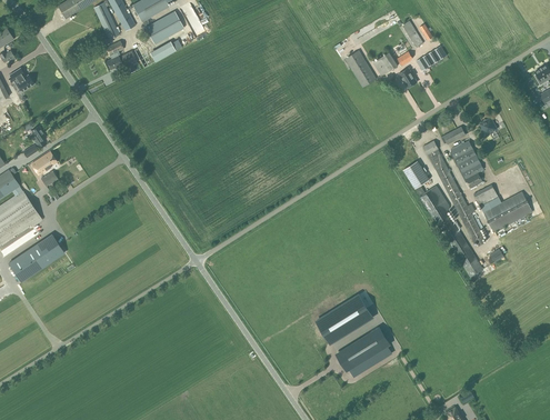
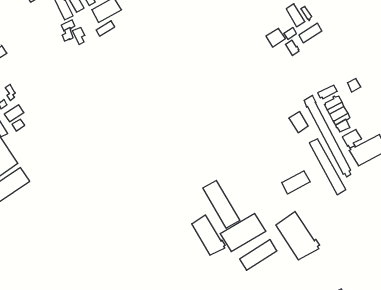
building: [346,49,377,87] -> none
building: none -> [282,171,310,194]
building: none -> [203,180,240,228]
building: none -> [276,211,320,260]
building: none -> [192,215,225,255]

